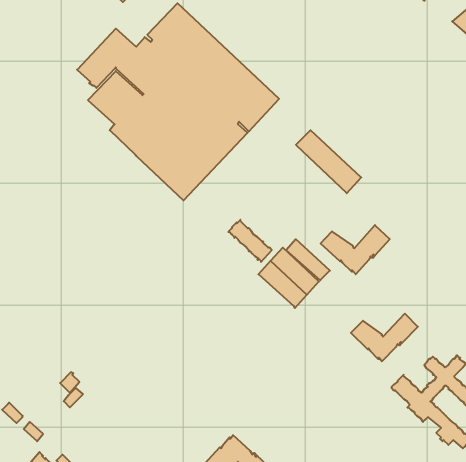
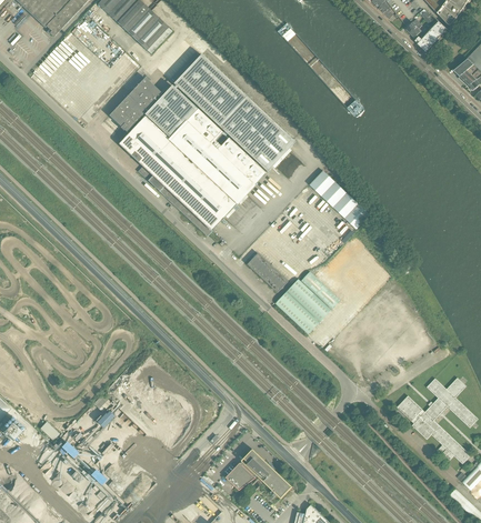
building: [321,225,390,274] -> none
building: [351,314,418,361] -> none

